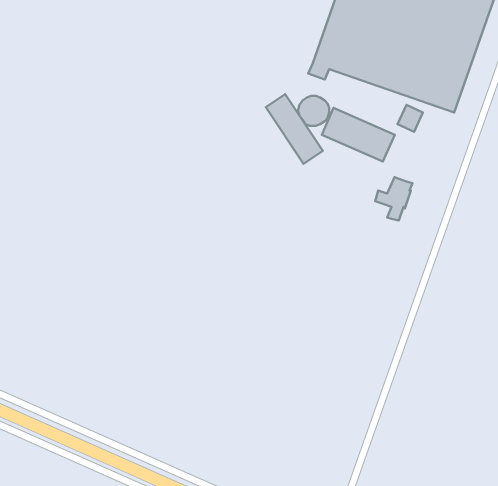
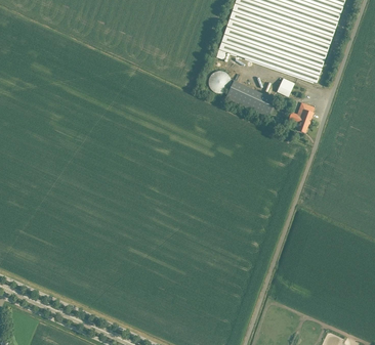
building: [266,94,323,164] -> none
building: [375,177,412,220] -> [288,102,314,132]

